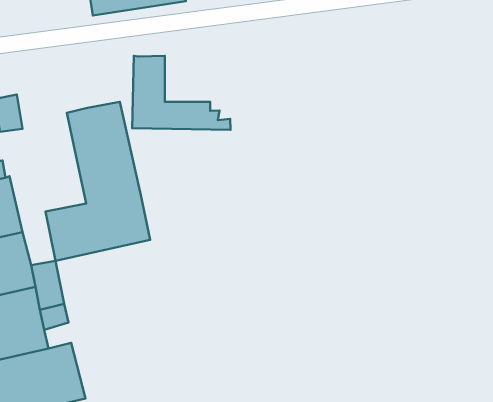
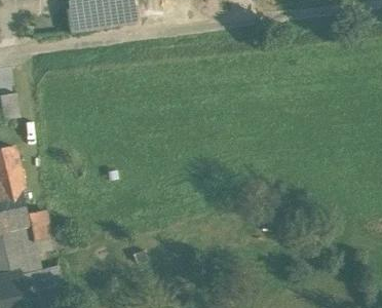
building: [132,56,230,130] -> none
building: [46,102,150,261] -> none

